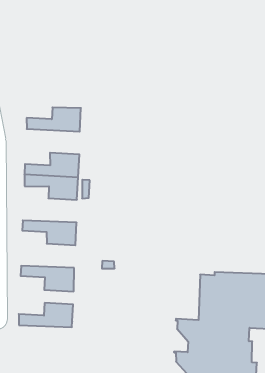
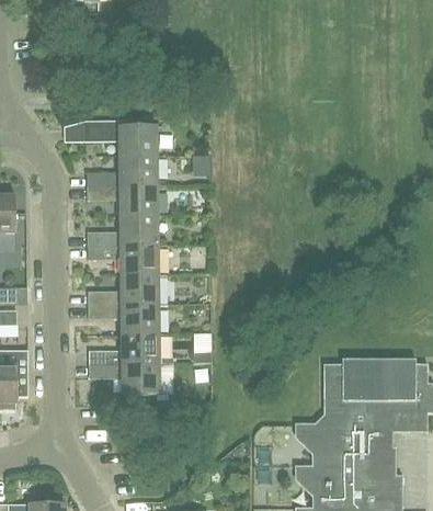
building: none -> [86,122,156,157]
building: none -> [87,186,157,216]
building: none -> [88,275,158,306]
building: [19,303,73,327] -> [88,334,158,365]

